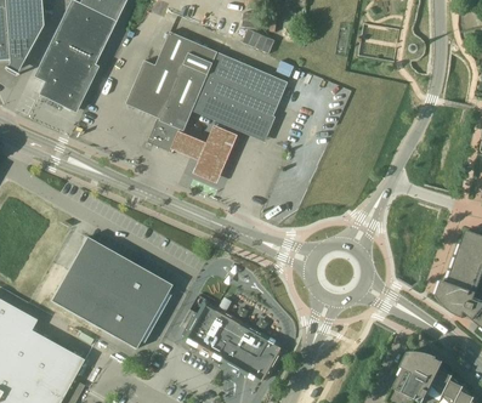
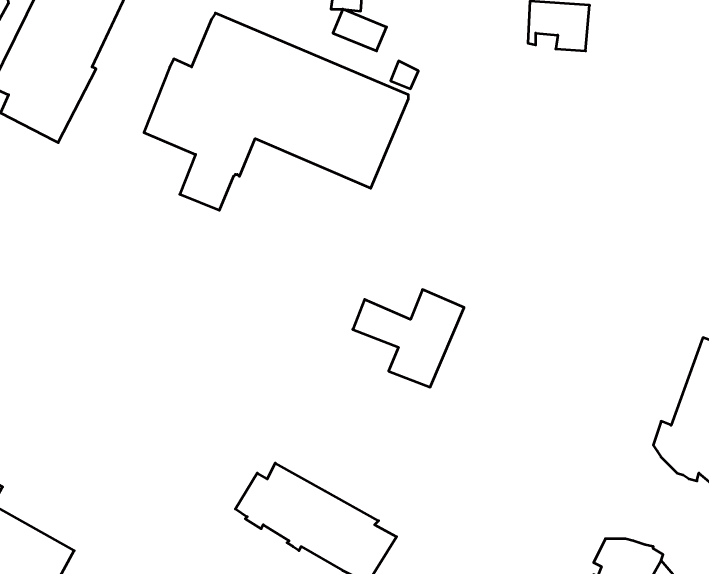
building: [170,124,238,183] -> [353,290,464,387]
building: [51,237,172,348] -> none

